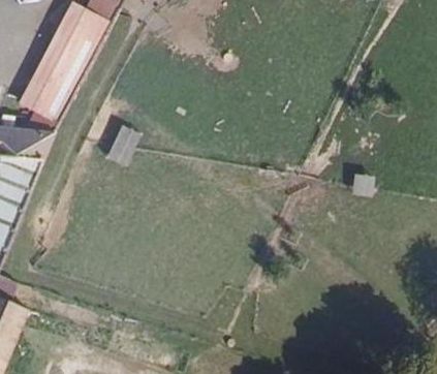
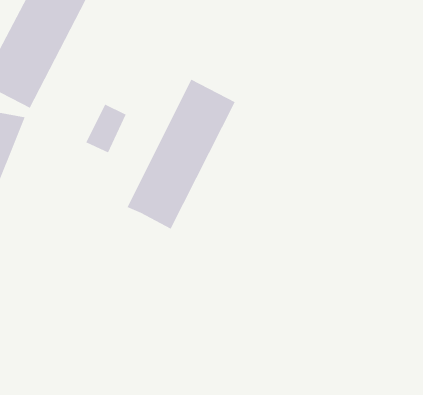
building: none -> [127,79,236,230]

